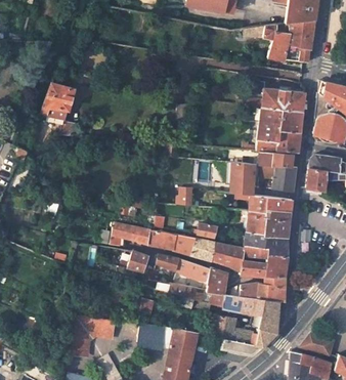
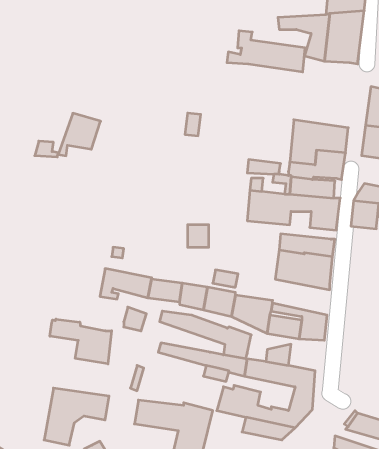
building: [244,82,304,114] -> [227,31,305,72]
building: [42,84,75,117] -> [58,113,101,156]
building: [244,230,288,258] -> none
building: none -> [50,319,112,364]
building: [256,281,284,302] -> none

